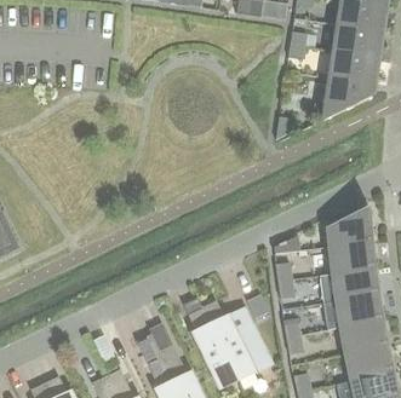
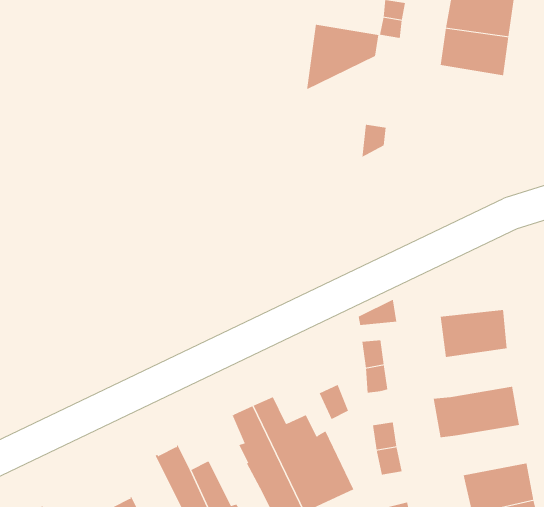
building: [323,75,373,120] -> [306,24,379,90]
building: [328,206,373,246] -> none
building: [333,267,379,300] -> none
building: [340,319,389,353] -> none

